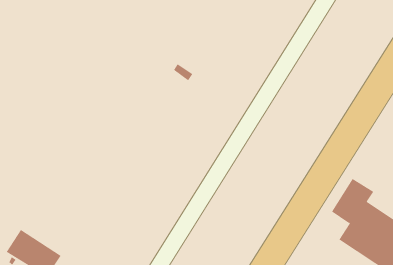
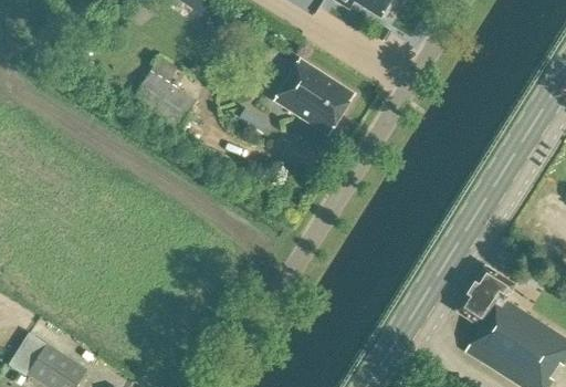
building: none -> [274,57,355,133]
building: none -> [132,70,198,129]

